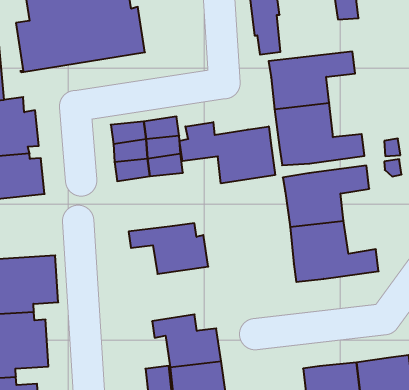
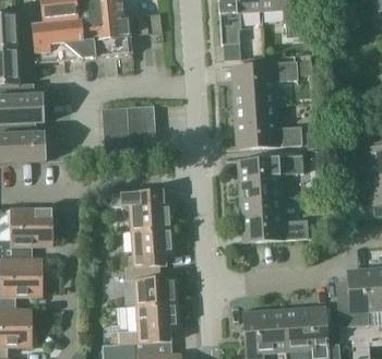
building: [180,122,275,183] -> none
building: none -> [123,225,174,265]

